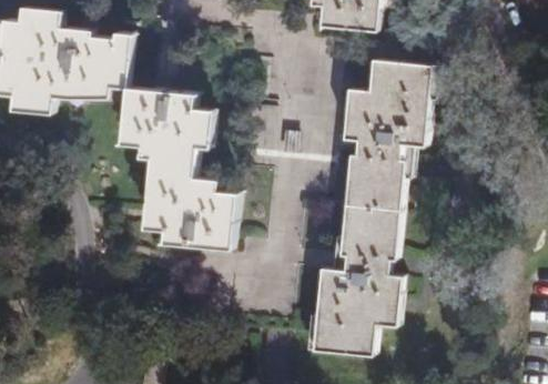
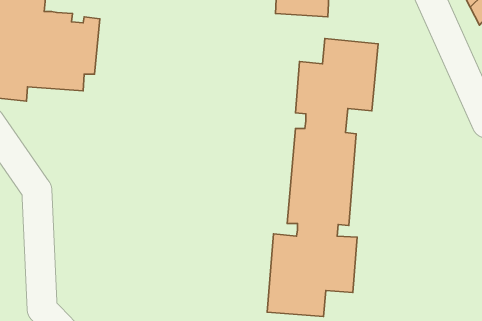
building: [124,93,239,254] -> none

